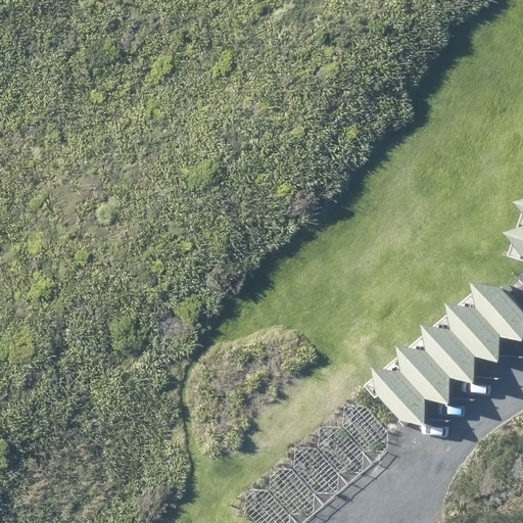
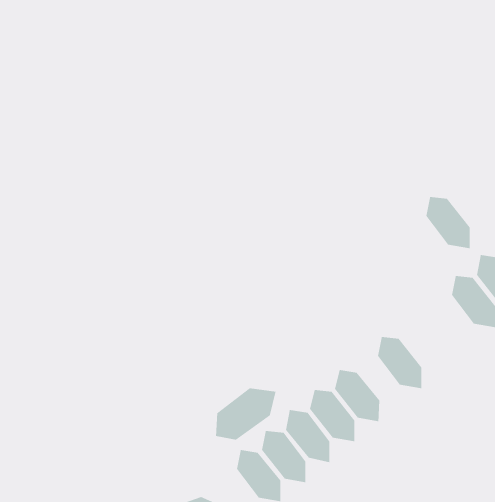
building: [453,311,498,365] -> [426,196,471,249]
building: [426,332,472,386] -> none
building: none -> [215,388,277,441]

